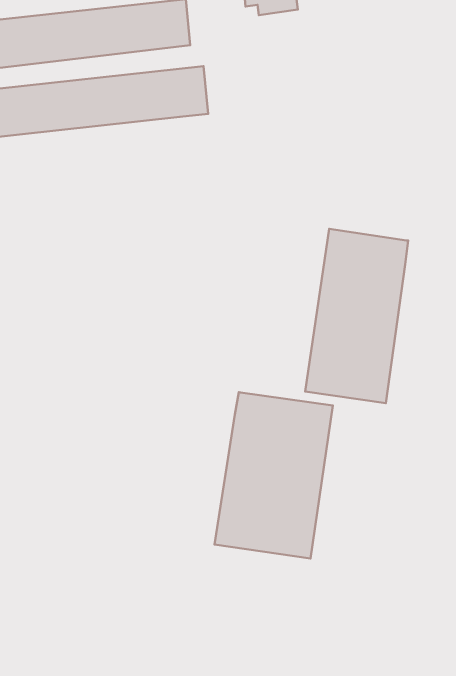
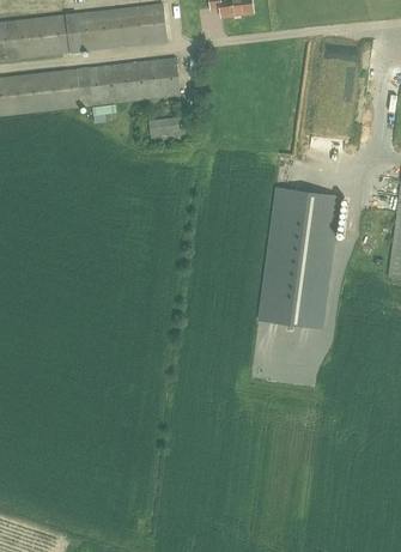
building: none -> [150,119,186,141]
building: [215,392,333,559] -> none

